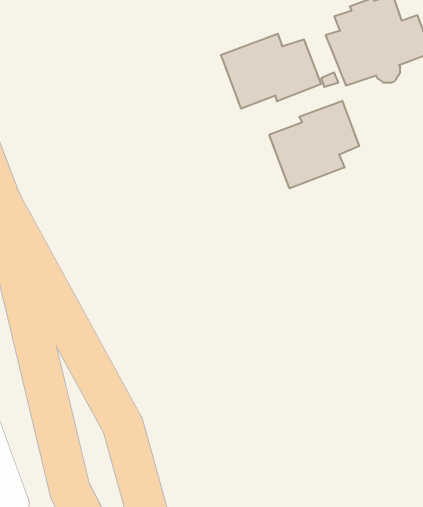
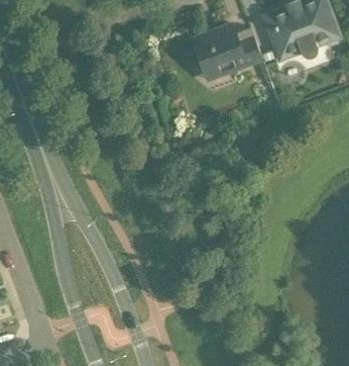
building: [269,101,359,188] -> none

